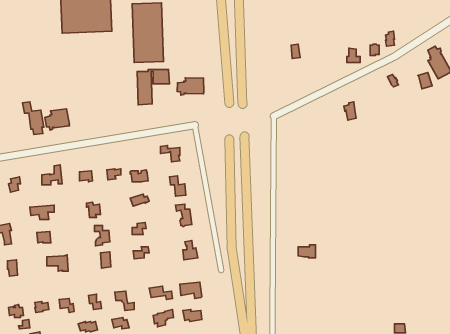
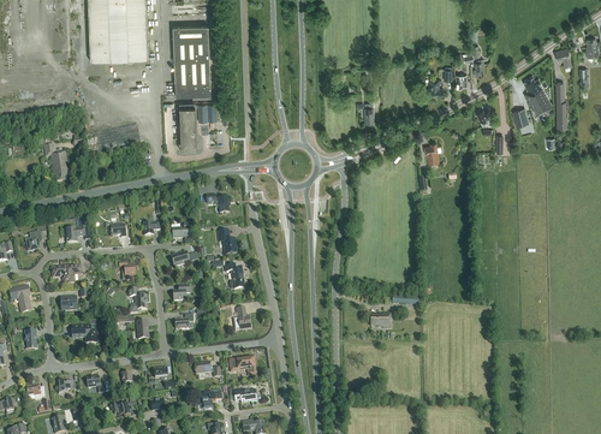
building: [177,78,204,95] -> none
building: [45,109,70,130] -> none

